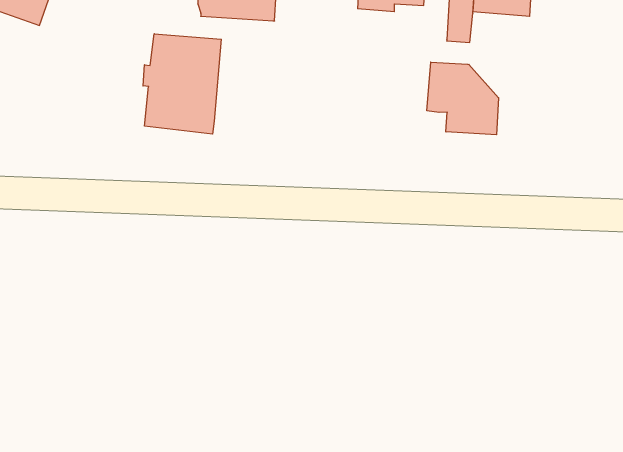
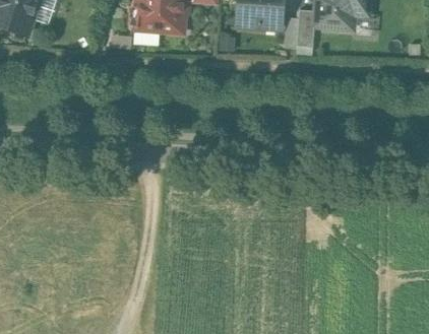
building: [143,34,221,134] -> none
building: [427,62,499,135] -> none

